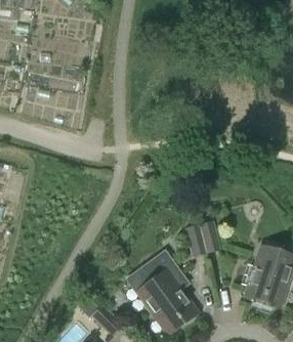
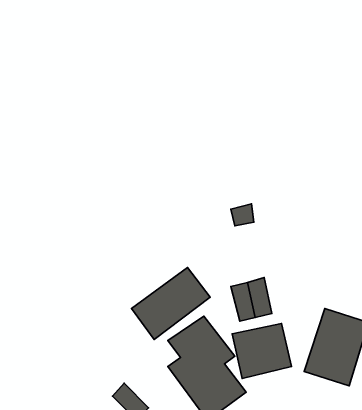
building: none -> [131,267,210,339]
building: none -> [232,323,291,378]

